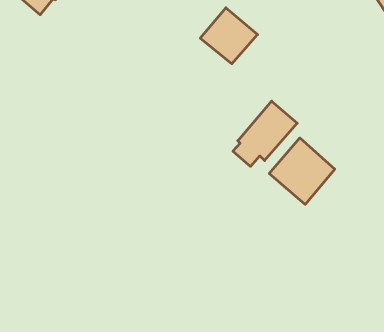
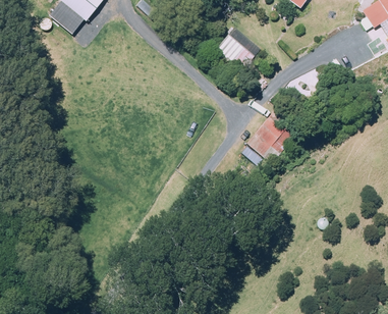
building: [269,138,335,204] -> none

